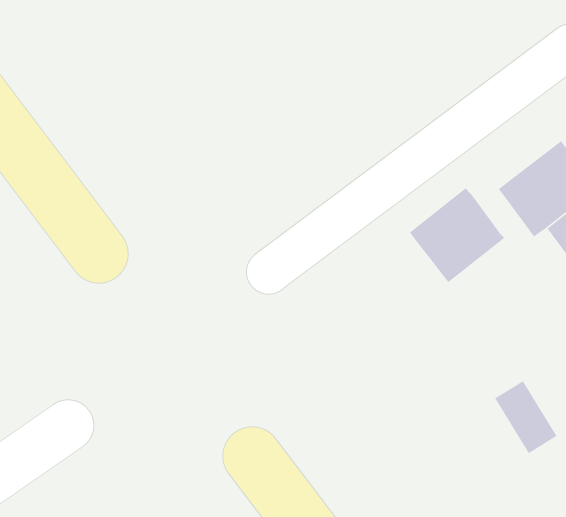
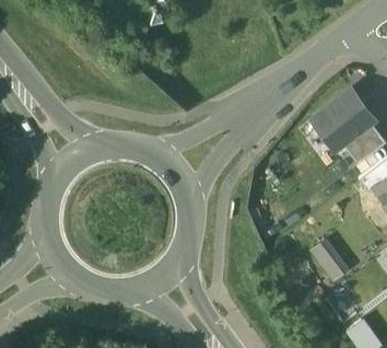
building: [409,187,505,283] -> none

